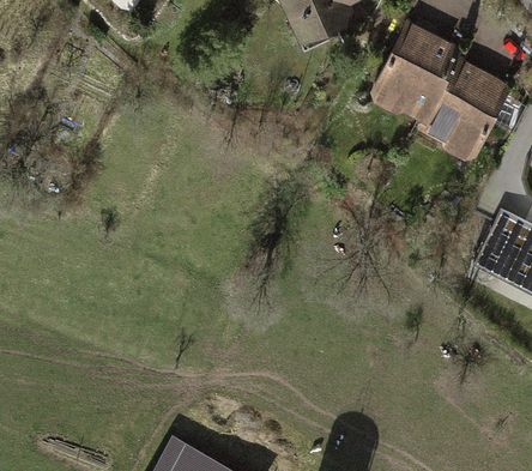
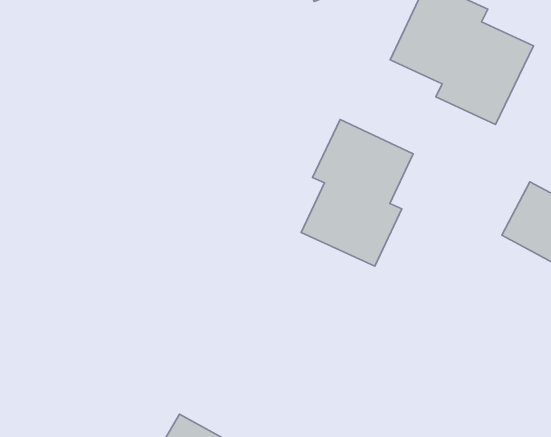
building: none -> [301,119,413,266]

